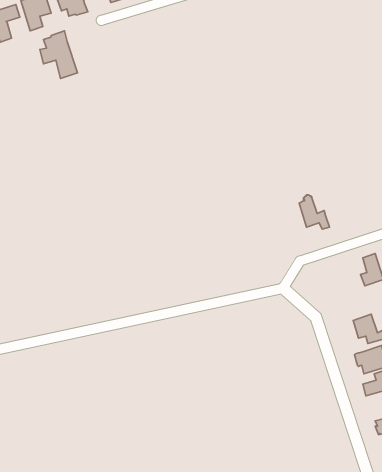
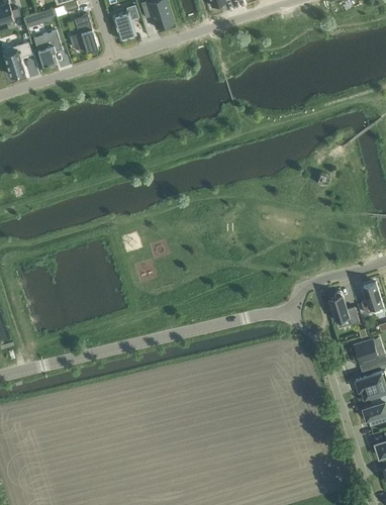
building: [40,31,77,78] -> none
building: [299,195,330,229] -> [329,292,359,325]

